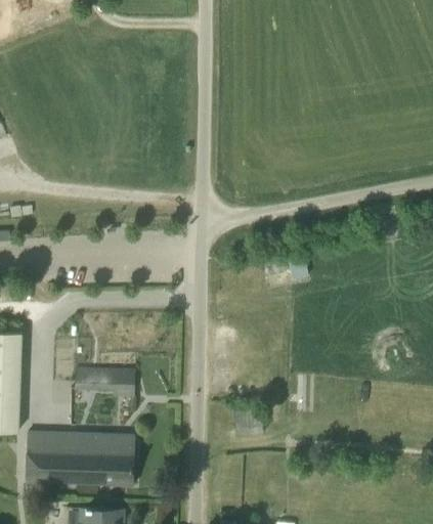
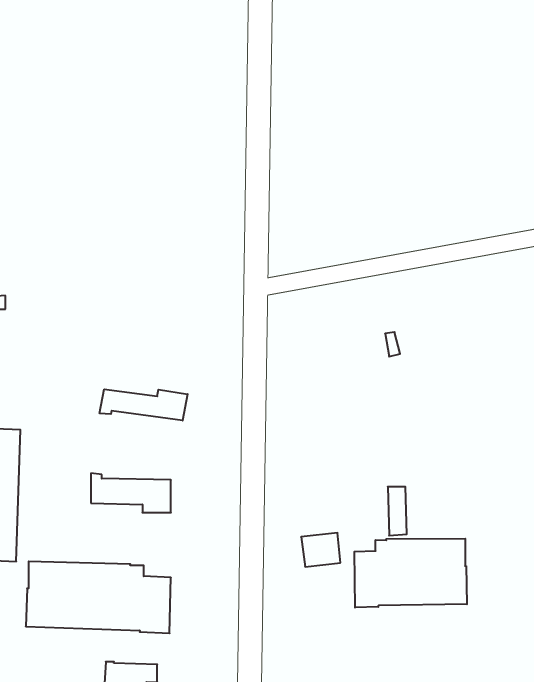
building: none -> [100,389,188,421]
building: none -> [354,539,467,608]

